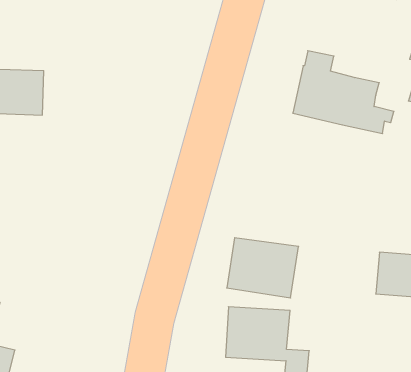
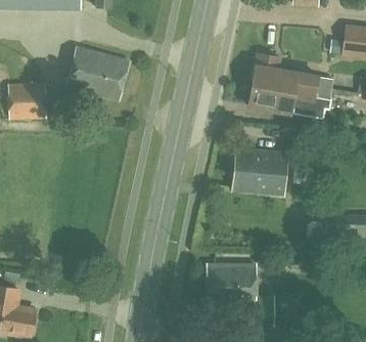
building: none -> [65,46,129,99]
building: [227,238,299,298] -> [231,148,287,195]

